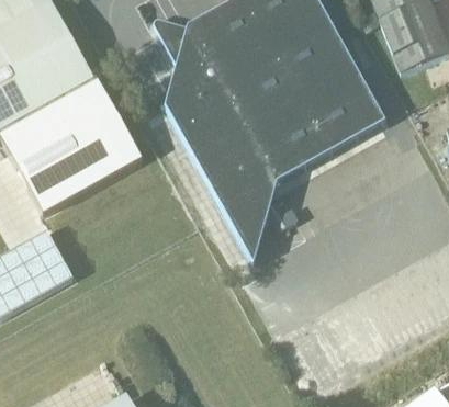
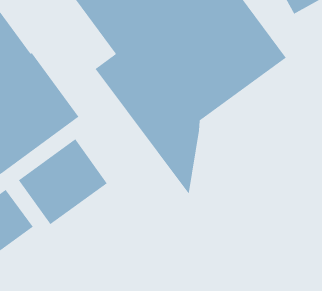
building: none -> [18,138,108,225]

